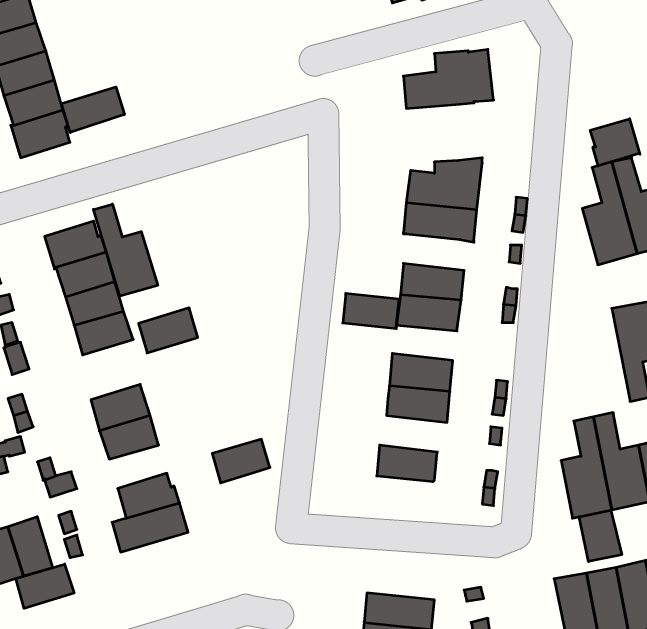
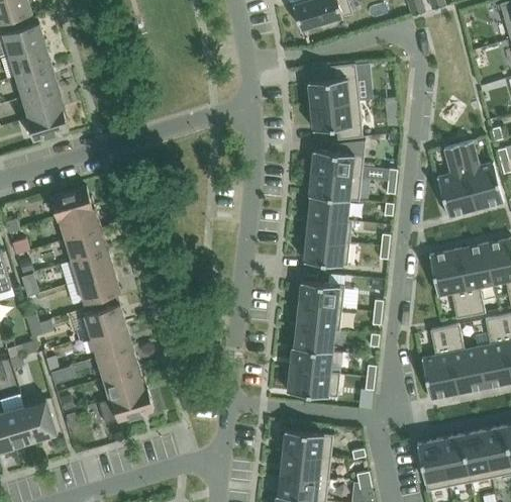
building: [61,87,124,133] -> none
building: none -> [310,102,362,140]
building: [590,119,640,166] -> none
building: [93,204,158,296] -> none
building: [343,293,399,329] -> [308,196,348,221]
building: [139,308,198,353] -> [78,272,120,304]
building: none -> [428,249,471,319]
building: none -> [291,326,339,353]
building: [212,439,270,483] -> [97,347,138,379]
building: none -> [287,370,339,398]
building: [579,510,622,562] -> none
building: none -> [282,430,332,459]
building: [16,564,74,608] -> none

